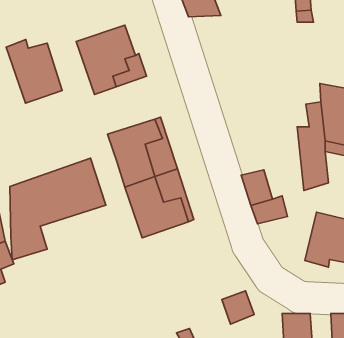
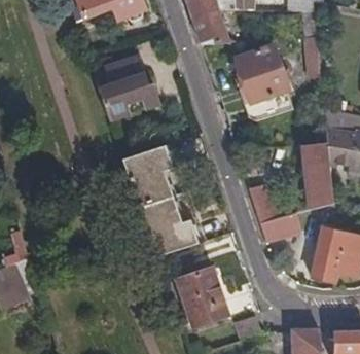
building: none -> [235,44,291,105]
building: [6,39,62,103] -> none
building: [10,158,106,260] -> none
building: none -> [178,266,227,323]

